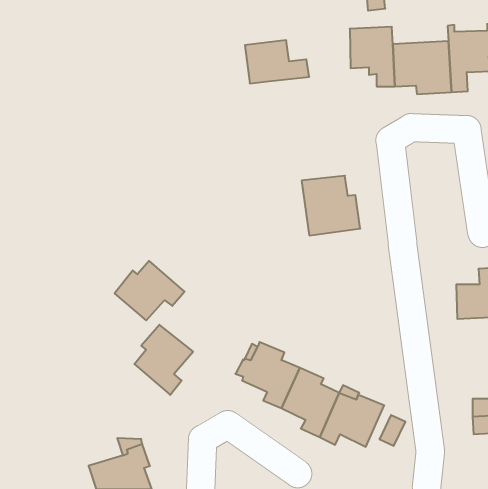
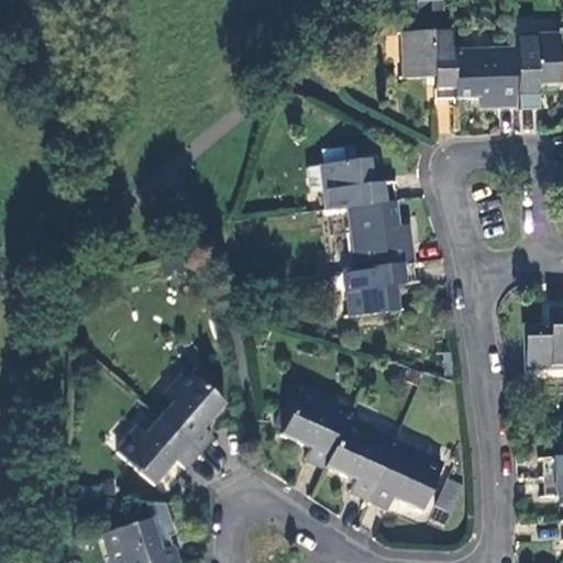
building: [245,40,309,83] -> [324,159,398,209]
building: none -> [349,262,419,314]
building: [115,261,185,320] -> [118,417,198,485]

